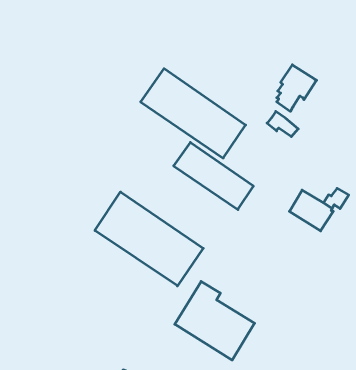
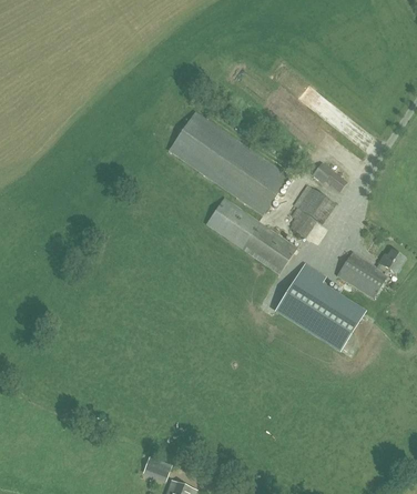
building: [277,65,317,111] -> [289,184,335,238]
building: [95,192,203,286] -> none
building: [175,281,255,360] -> [274,261,365,351]

